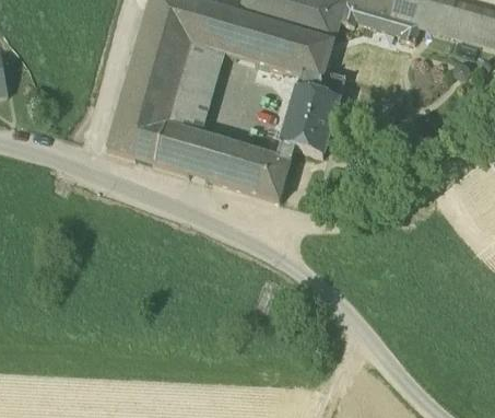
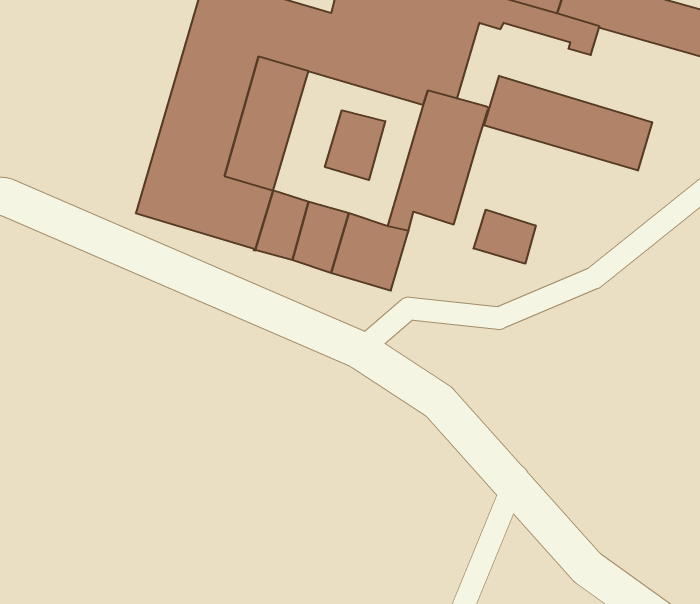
building: none -> [484,76,652,171]
building: none -> [325,110,385,180]
building: none -> [473,210,536,264]

